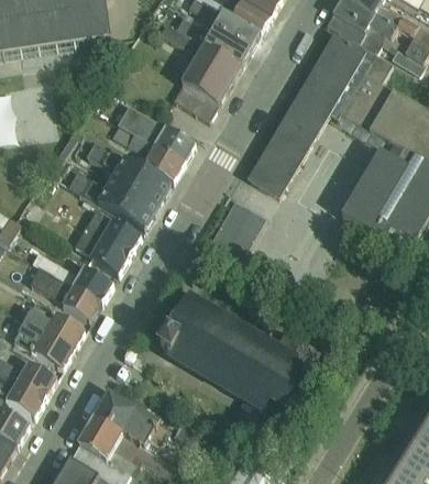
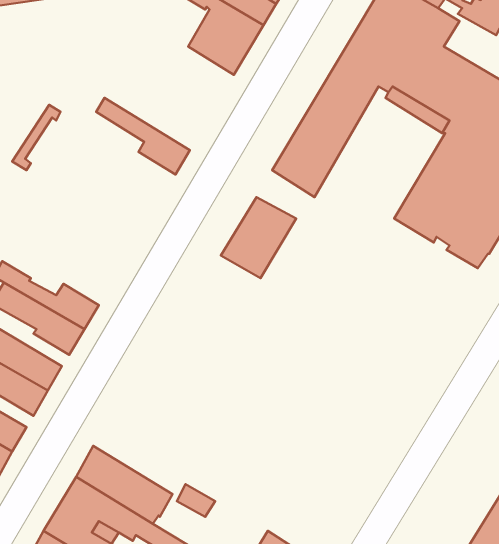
building: [173,82,217,120] -> none
building: [117,103,195,163] -> none
building: [68,141,169,230] -> none
building: [75,209,140,273] -> none
building: [157,293,320,435] -> none

